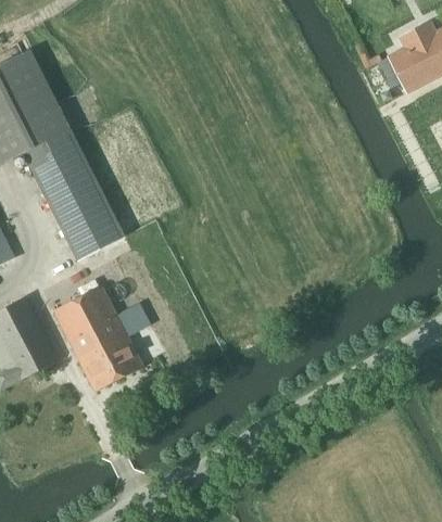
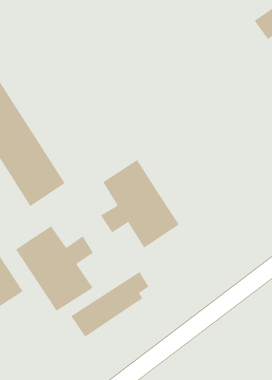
building: none -> [100,159,179,248]
building: none -> [71,271,149,338]

